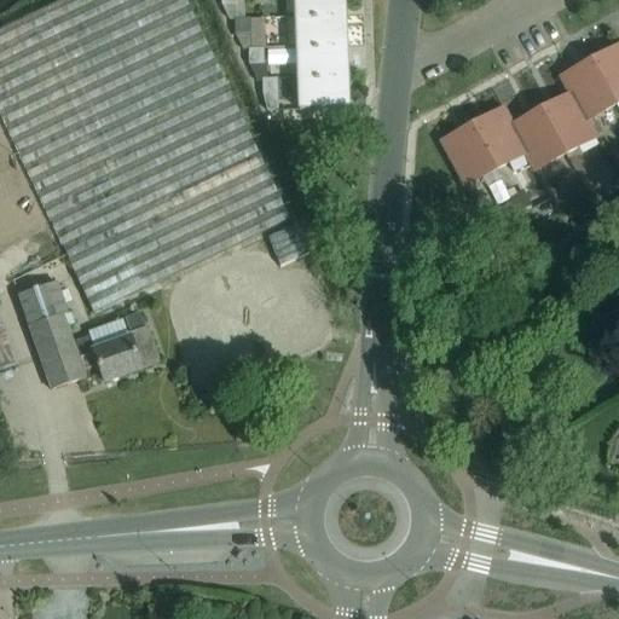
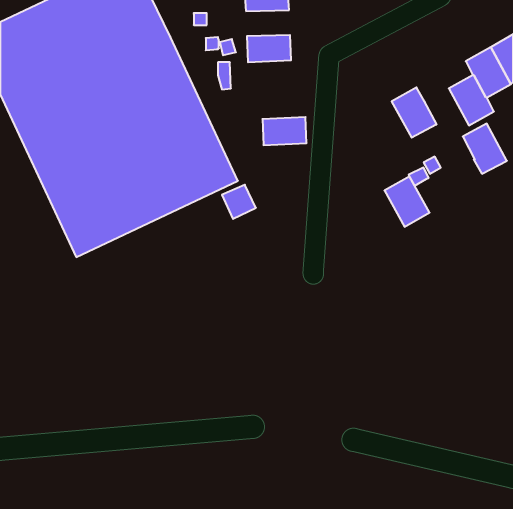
building: [296,12,349,44] -> none
building: [299,73,352,106] -> [262,117,307,145]
building: [511,106,565,167] -> [463,124,507,174]
building: [441,122,496,183] -> [384,176,430,227]
building: [17,277,160,387] -> none

